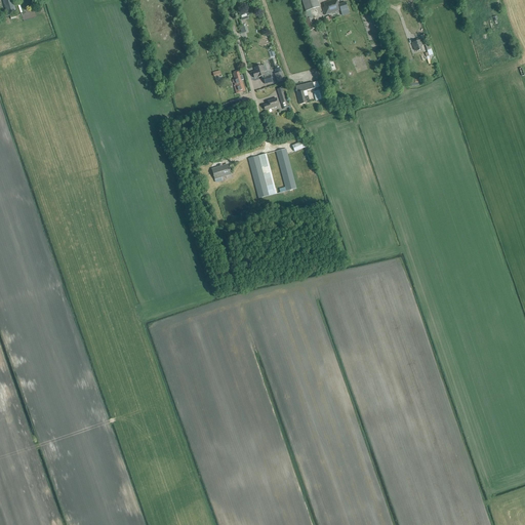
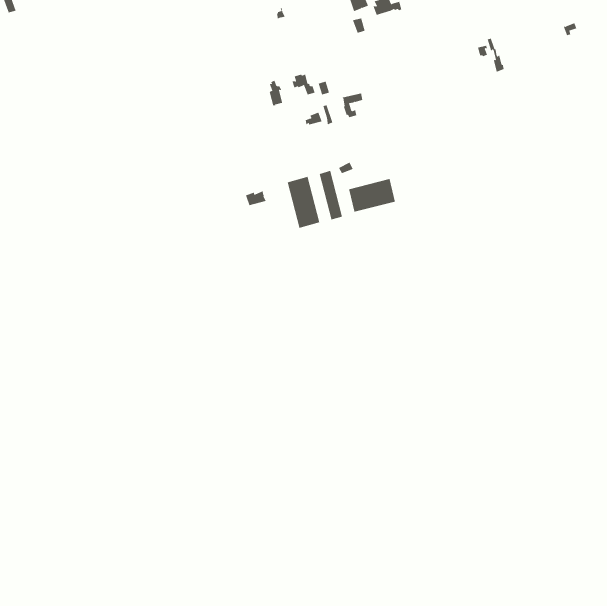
building: none -> [349,178,396,213]

